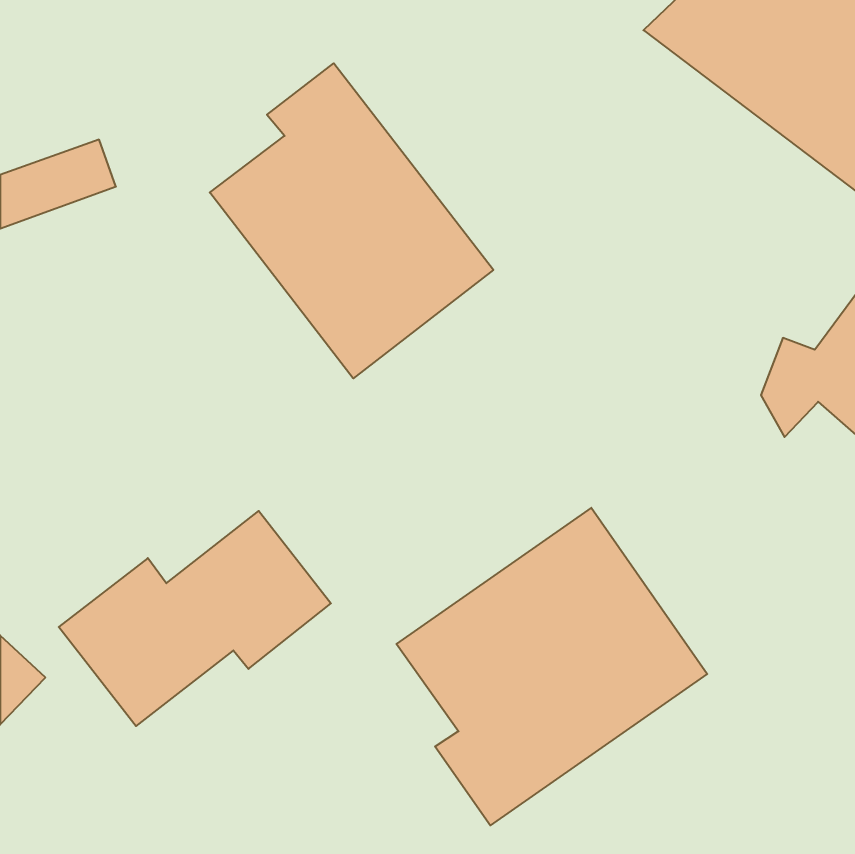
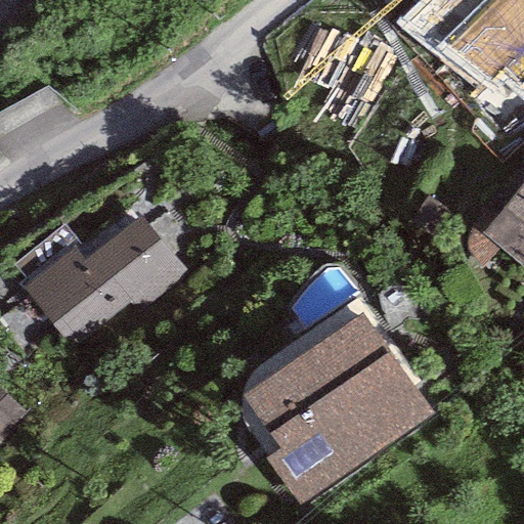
building: [210,63,493,378] -> none
building: [59,511,331,726] -> [23,213,188,344]

